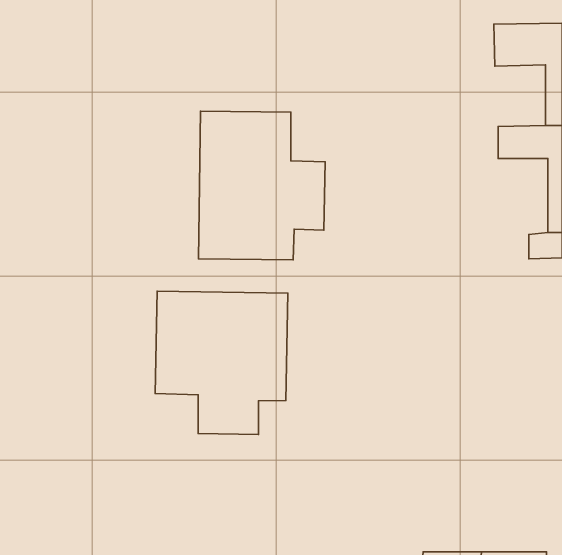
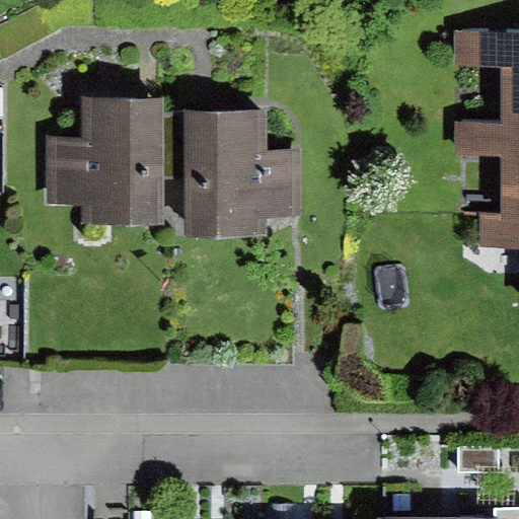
building: none -> [50,97,164,225]
building: [155,291,288,434] -> none

